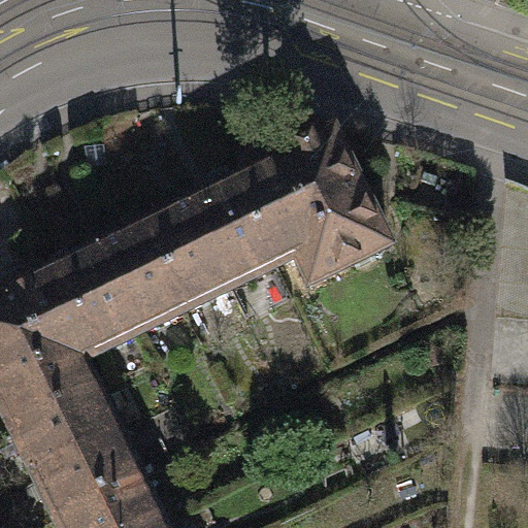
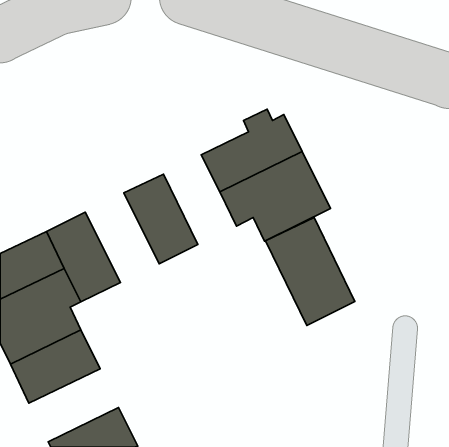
building: [192,182,277,287] -> none
building: [100,226,187,331] -> none
building: none -> [265,218,355,325]
building: [34,432,139,518] -> none

